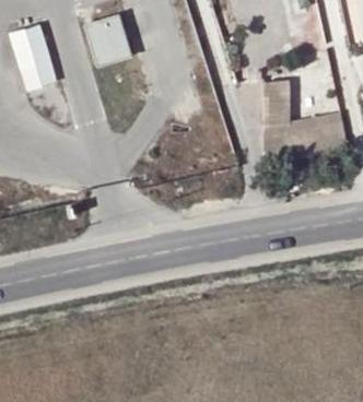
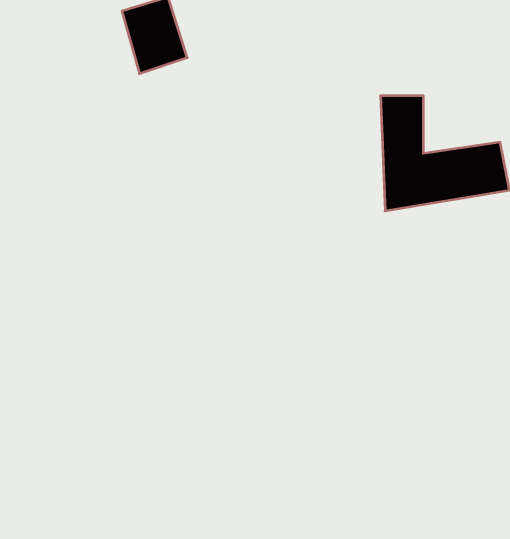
building: [11,23,56,88] -> none

